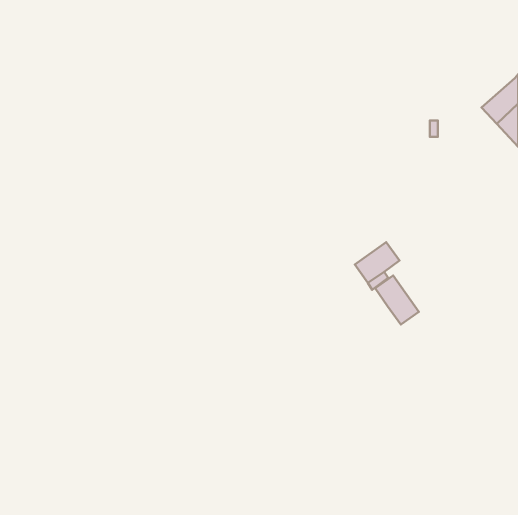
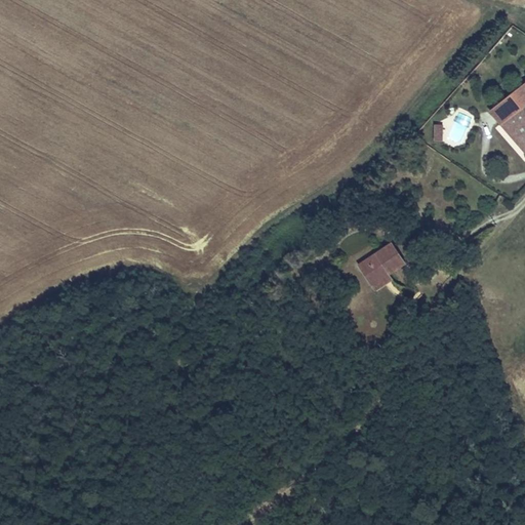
building: [375,276,419,324] -> none

